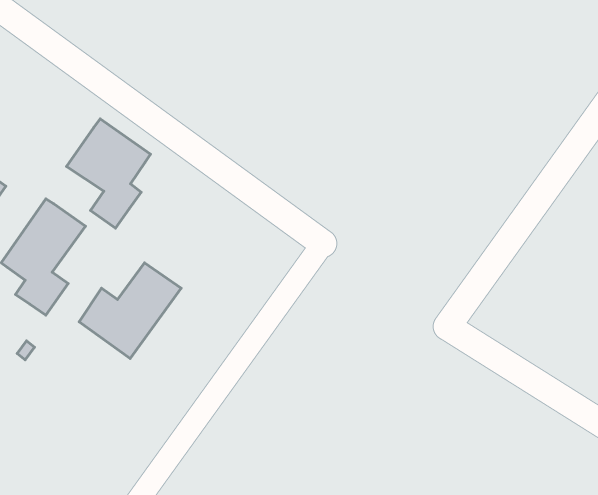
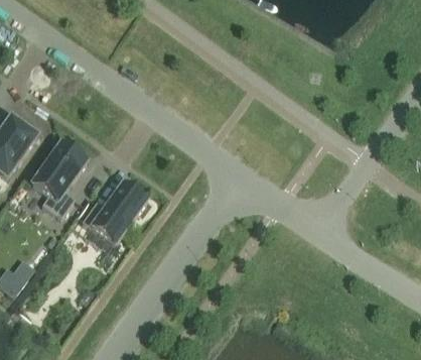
building: [66,119,151,228] -> none

